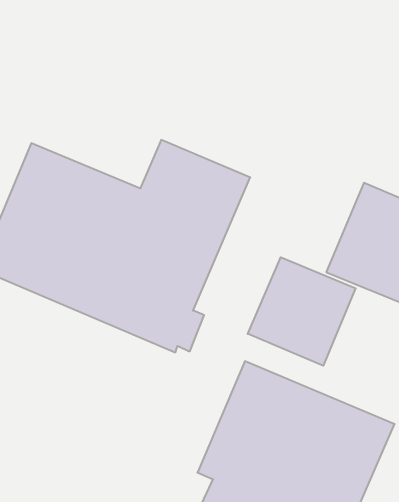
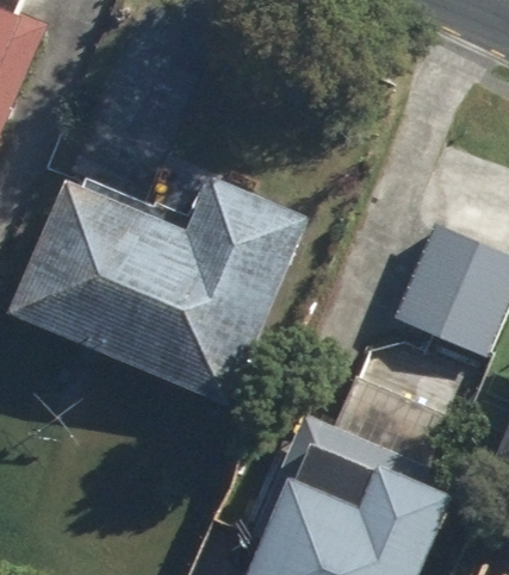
building: [248,257,356,366] -> none

